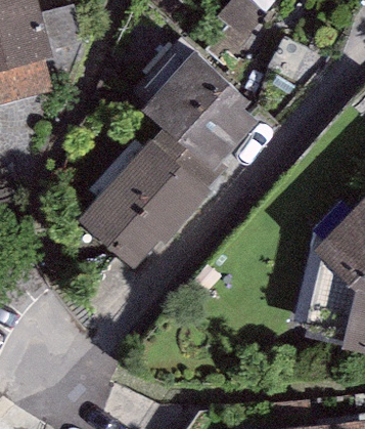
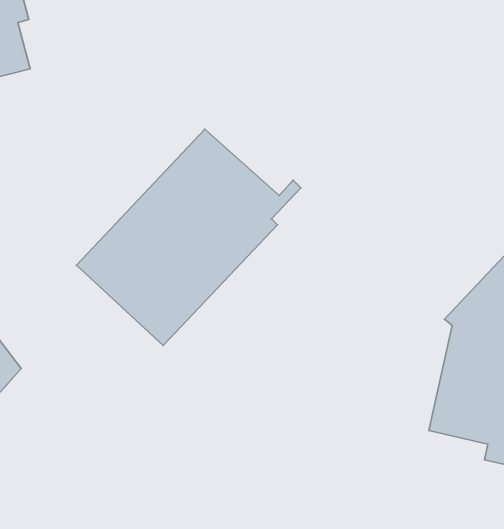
building: [143,53,264,172] -> none

